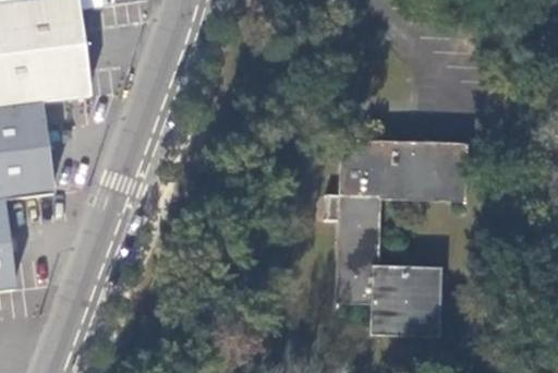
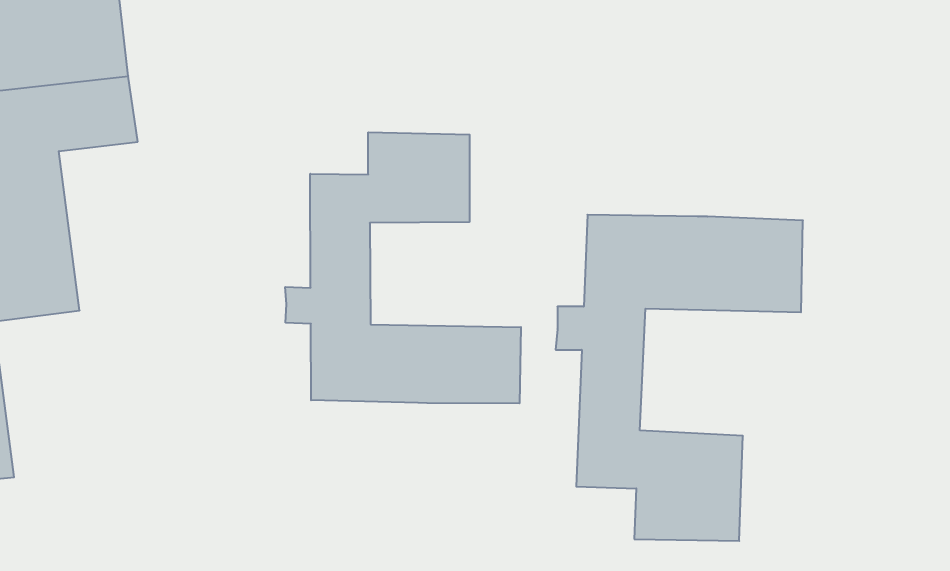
building: none -> [285,132,521,403]

